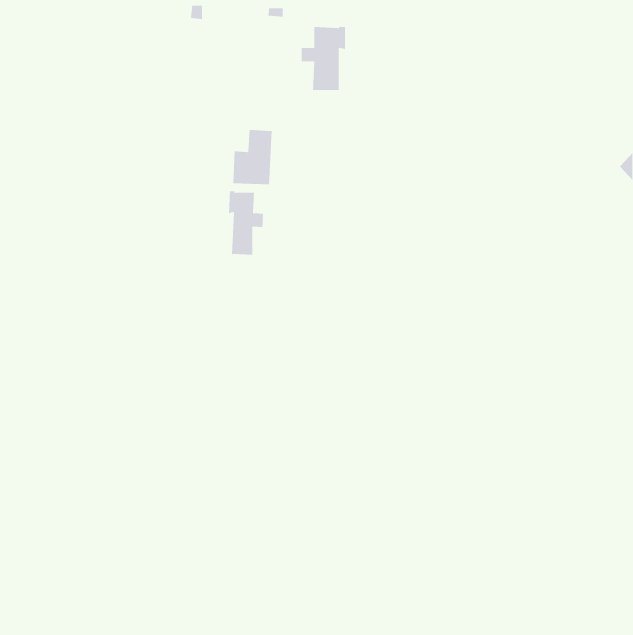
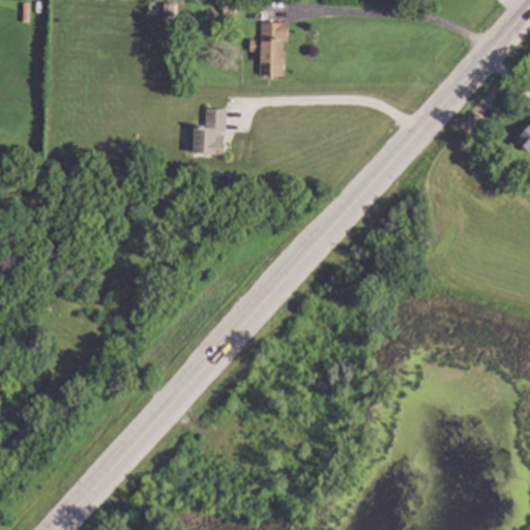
building: [228,191,264,255] -> none

